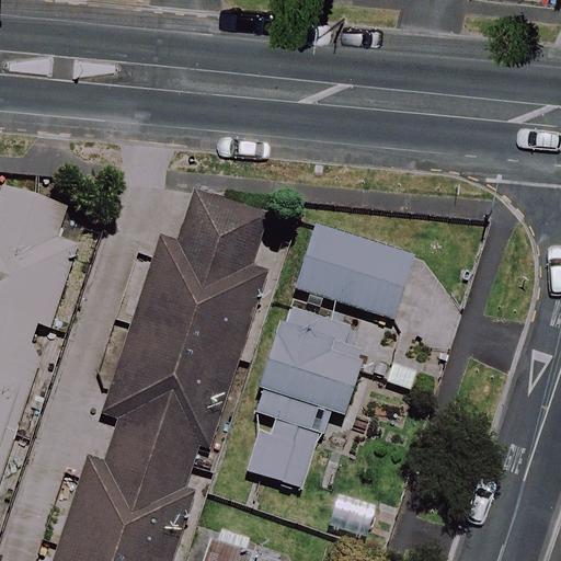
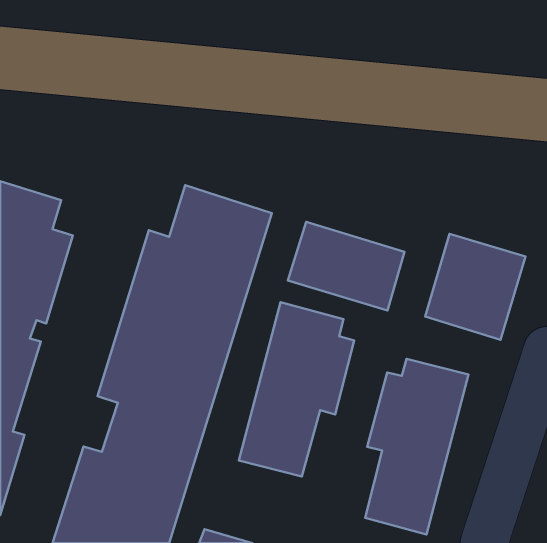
building: none -> [425,234,525,340]
building: none -> [365,359,469,535]

